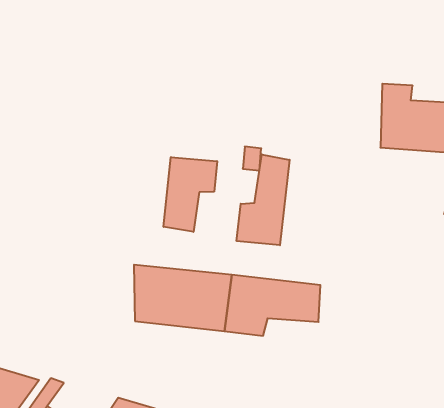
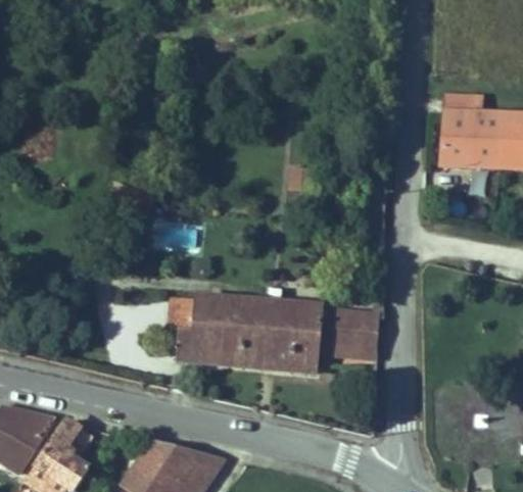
building: [237,154,290,245] -> none
building: [164,157,217,232] -> none

